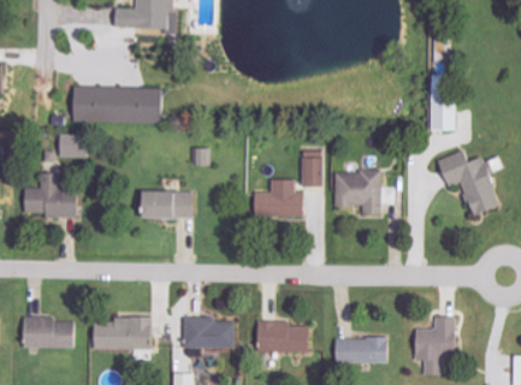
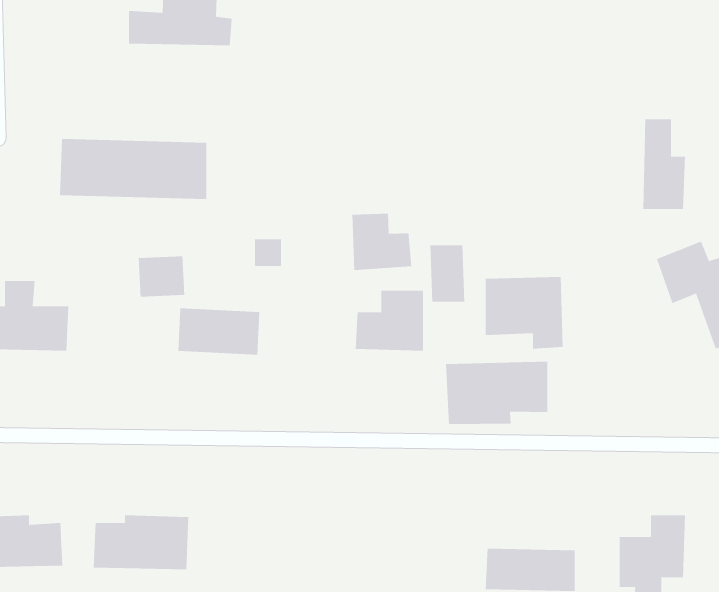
building: none -> [352,213,412,271]
building: [58,134,87,159] -> [138,256,185,297]
building: none -> [445,361,548,425]
building: [182,318,233,349] -> none
building: [256,321,308,354] -> none

